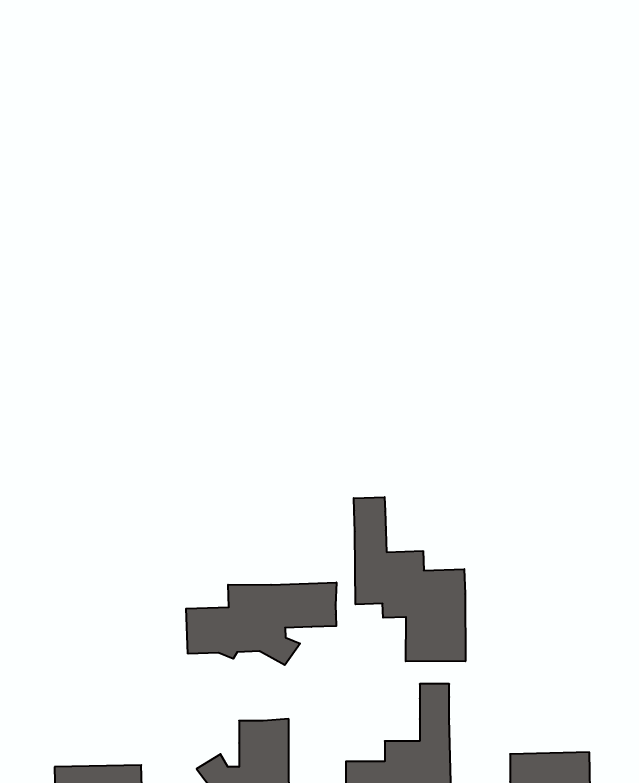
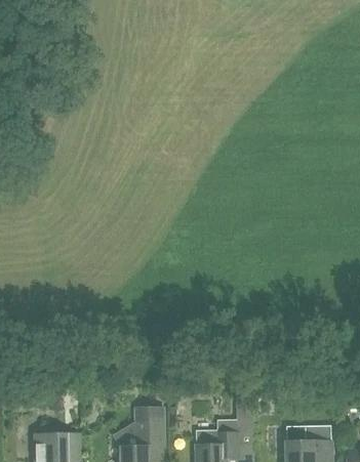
building: [354,497,465,661] -> none
building: [186,582,336,665] -> none

